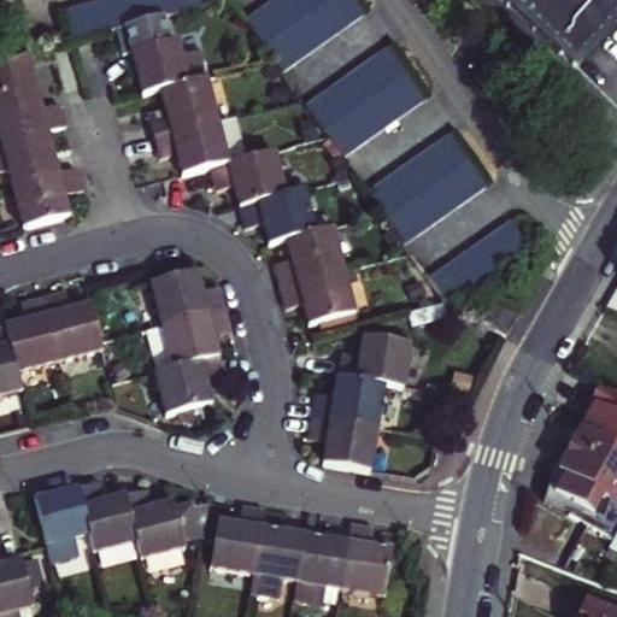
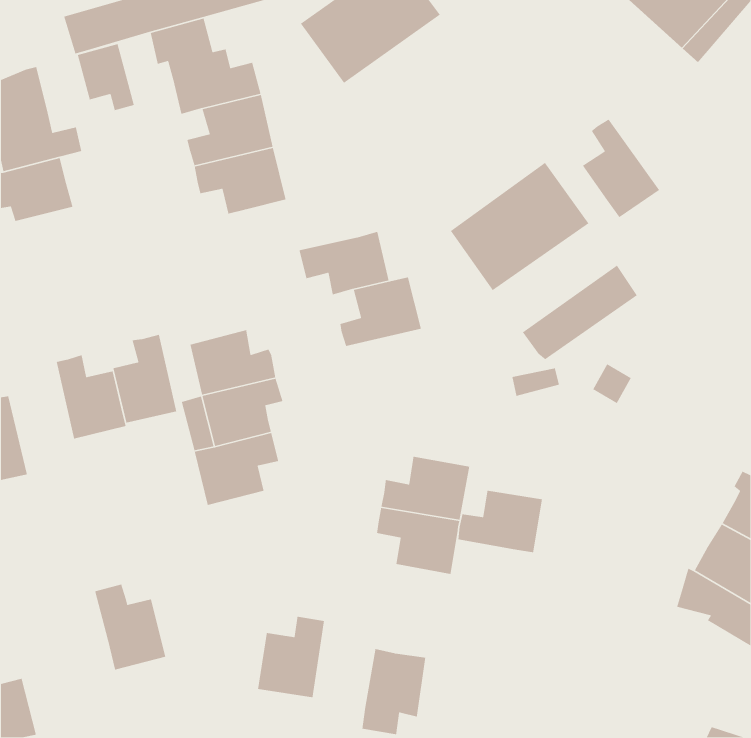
building: none -> [77,43,135,111]
building: [306,47,423,155] -> none
building: none -> [582,118,660,218]
building: [201,152,293,205] -> none
building: [12,165,83,225] -> none
building: [283,270,355,325] -> none
building: [7,296,60,370] -> [113,334,177,424]
building: [339,333,409,384] -> [458,490,543,553]
building: [31,484,89,562] -> none
building: [124,484,211,554] -> none
building: [342,523,396,595] -> none
building: [253,525,307,595] -> none

